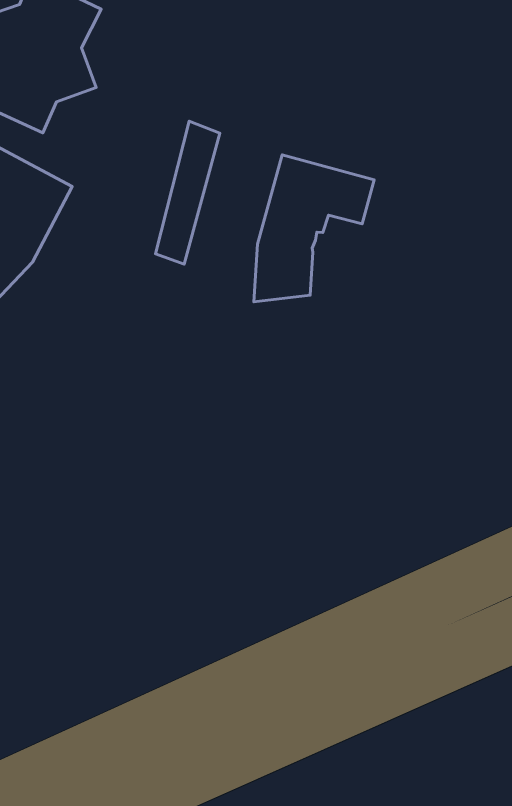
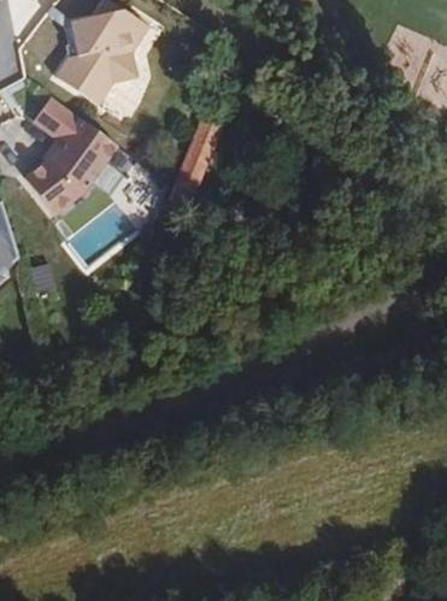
building: [254,155,374,302] -> none

